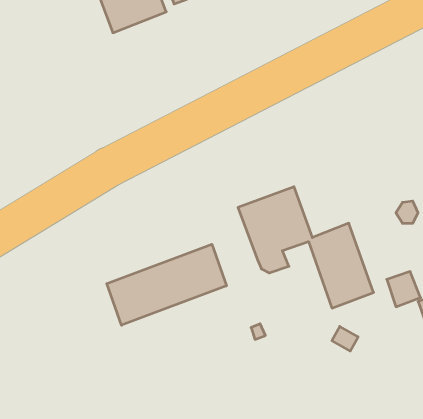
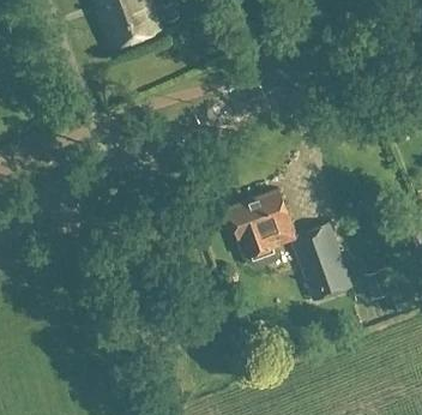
building: [107,244,226,325] -> none

